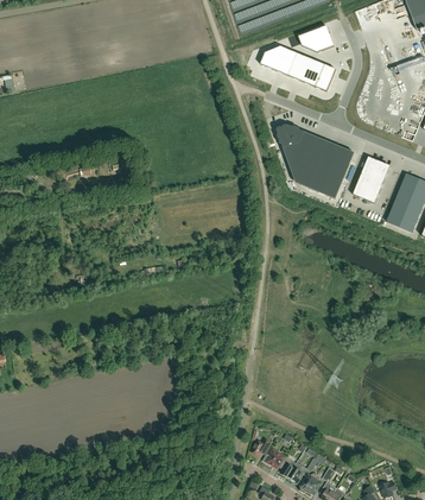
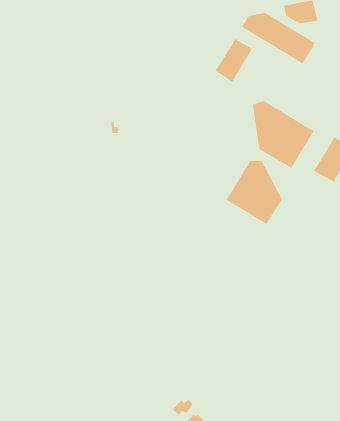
building: none -> [215,38,253,83]
building: none -> [226,160,282,225]

